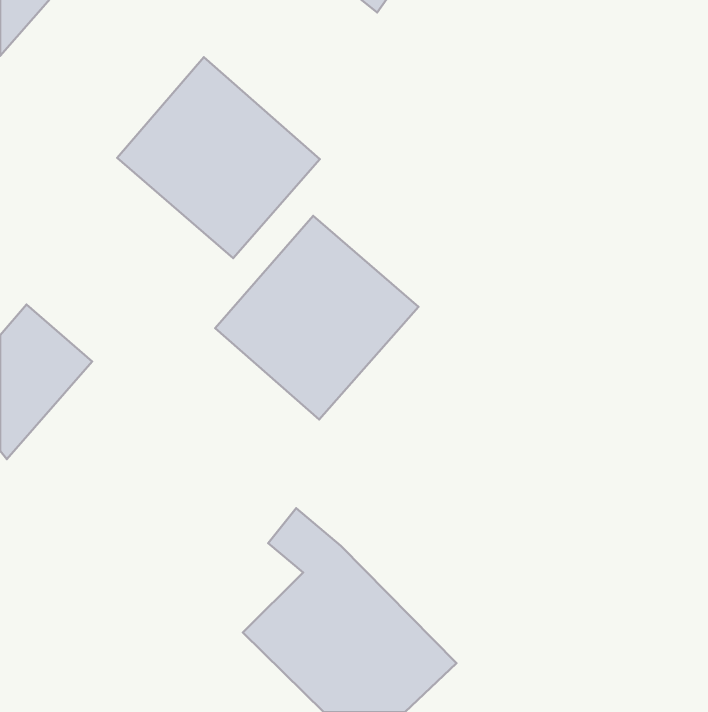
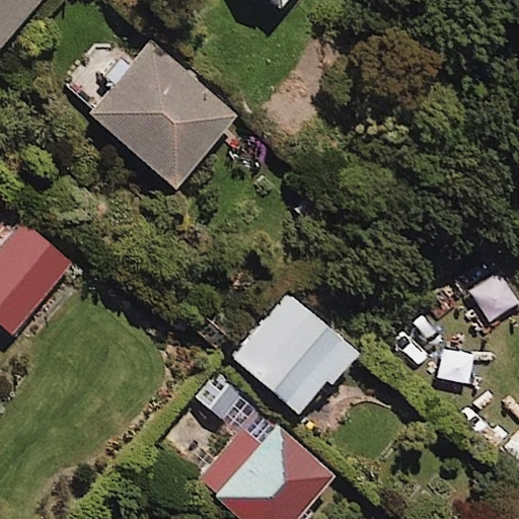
building: [215,216,418,419] -> none
building: none -> [232,294,352,415]

